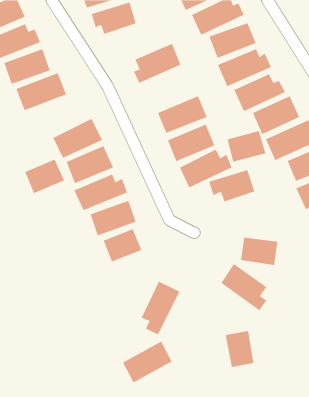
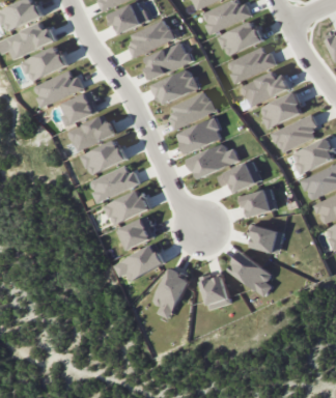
building: none -> [127,19,175,56]
building: none -> [153,68,199,105]
building: [227,131,266,162] -> [240,188,277,218]
building: [25,159,65,194] -> [58,92,96,125]
building: [225,331,254,368] -> [201,274,229,309]
building: [122,341,172,383] -> [116,244,164,284]

